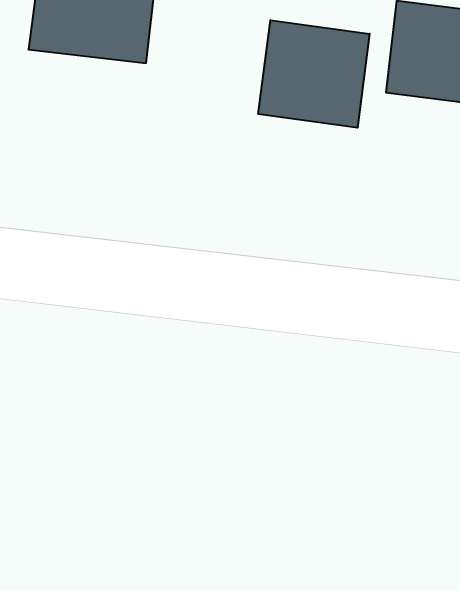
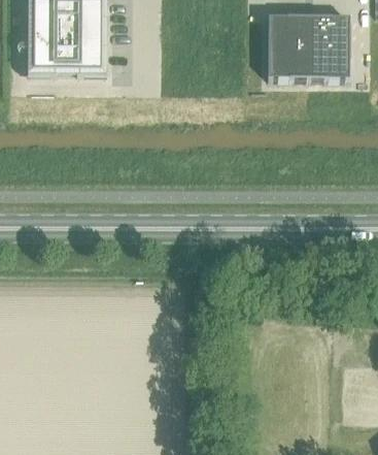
building: [258,20,370,128] -> none

